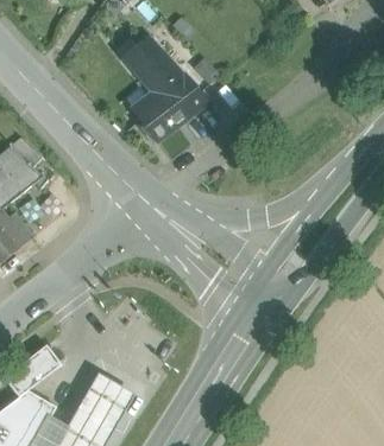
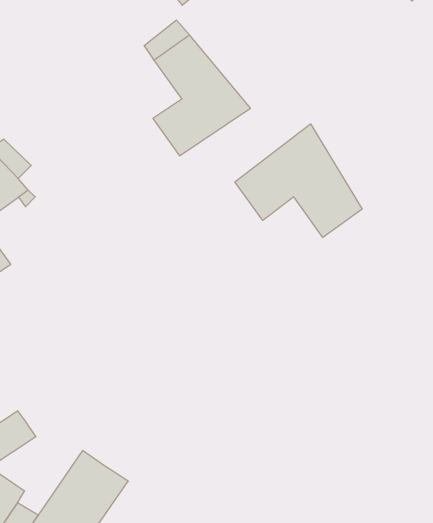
building: none -> [235,124,362,238]

